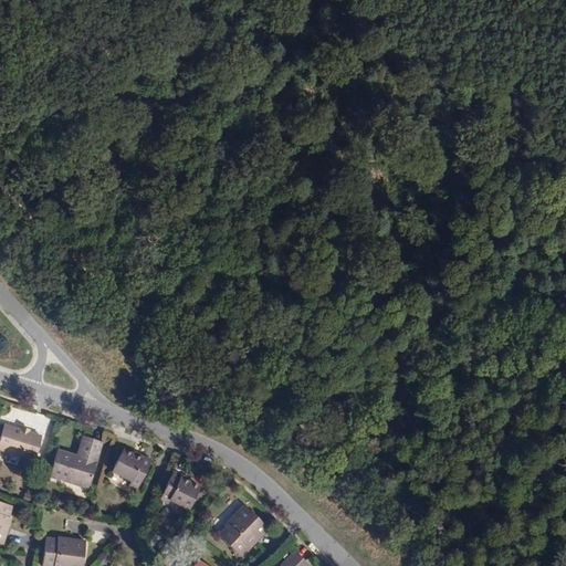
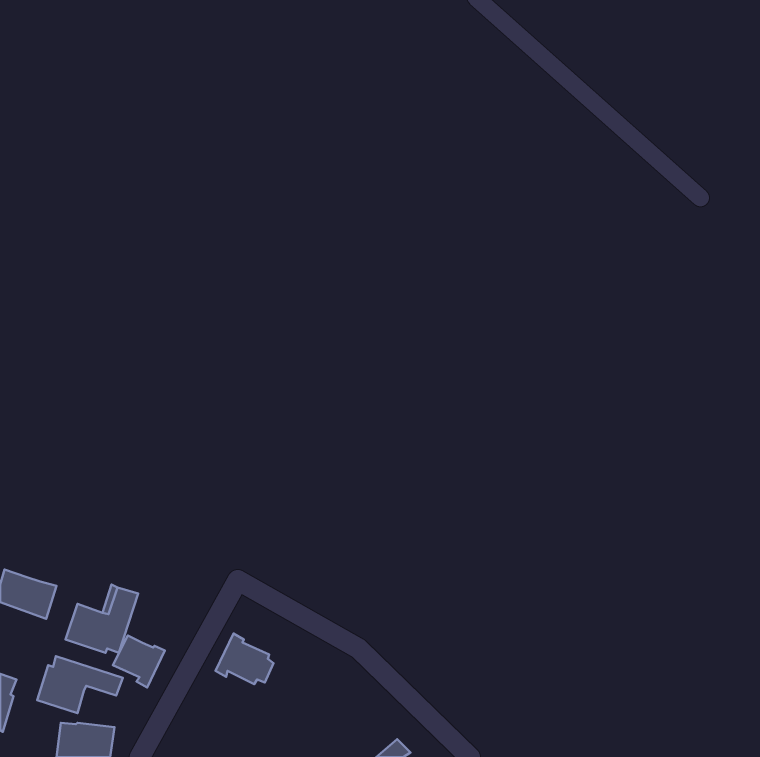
building: [112,449,150,488] -> [113,636,165,688]
building: none -> [37,656,123,713]
building: [219,503,268,554] -> none

